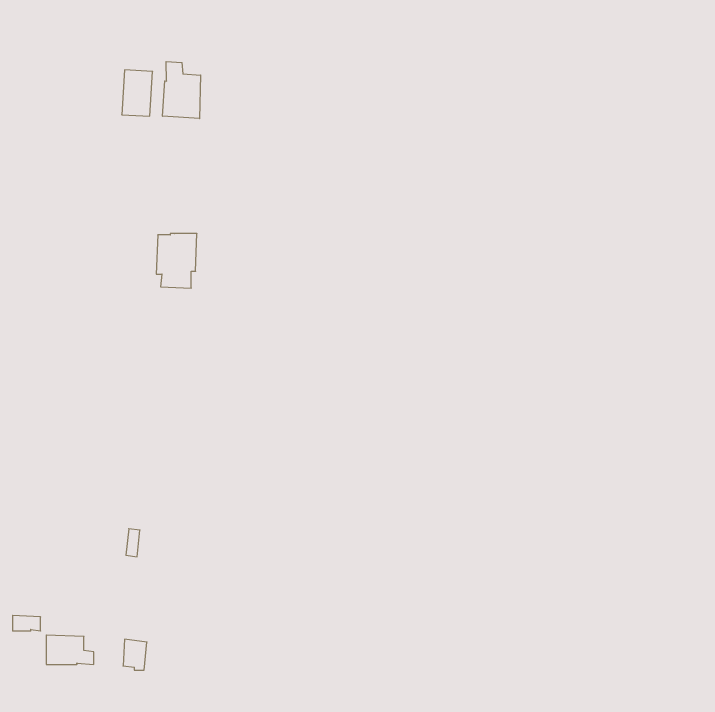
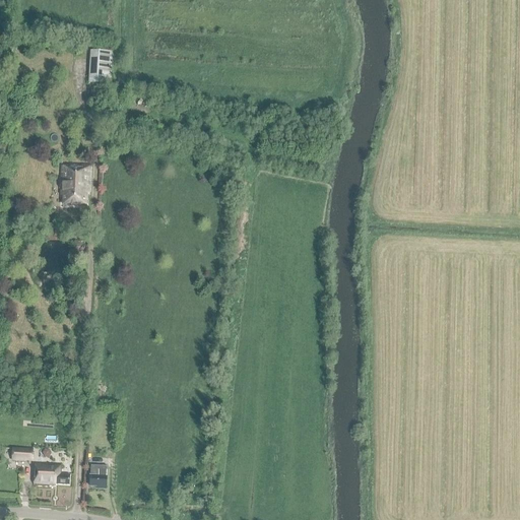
building: [163,62,201,119] -> none
building: [156,234,197,288] -> [59,165,88,204]

